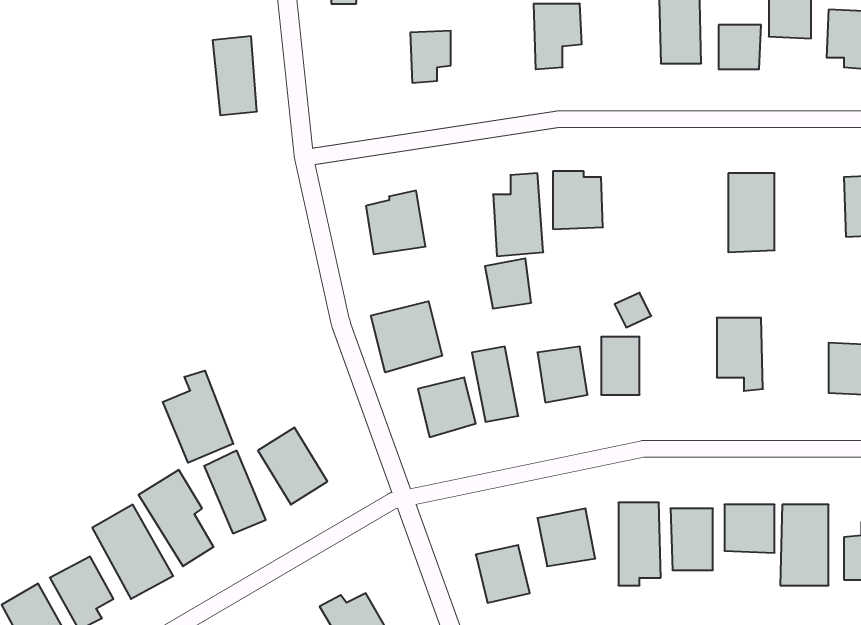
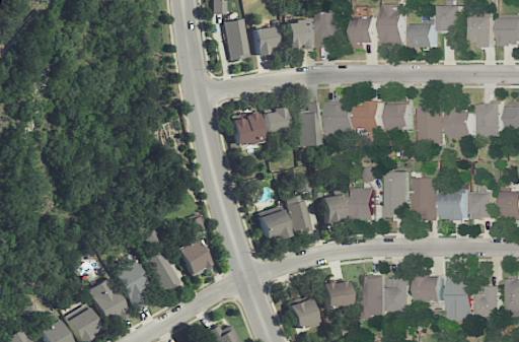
building: none -> [354,17,376,47]
building: none -> [282,18,313,50]
building: [213,36,257,115] -> [222,18,245,60]
building: none -> [357,100,382,129]
building: none -> [388,105,412,129]
building: none -> [448,111,473,139]
building: [485,258,531,308] -> [260,106,284,132]
building: [371,301,442,372] -> none
building: none -> [384,172,406,217]
building: none -> [442,192,467,220]
building: [163,371,233,463] -> none

